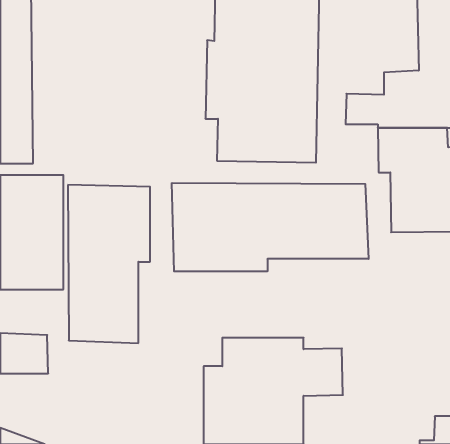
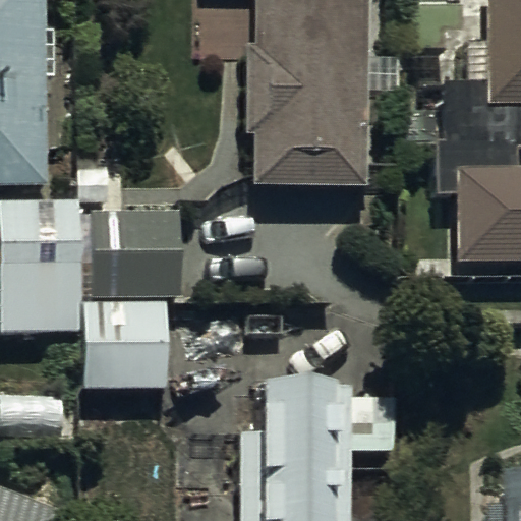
building: [172,183,369,271] -> none

